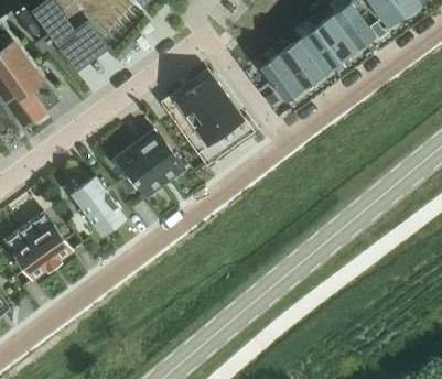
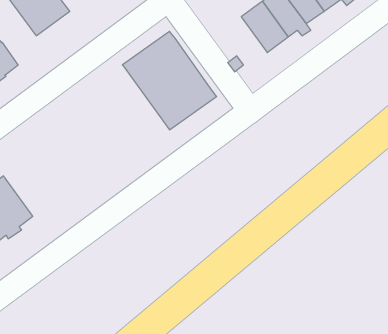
building: [259,53,302,100] -> none
building: [126,132,184,195] -> none
building: [69,174,126,236] -> none

